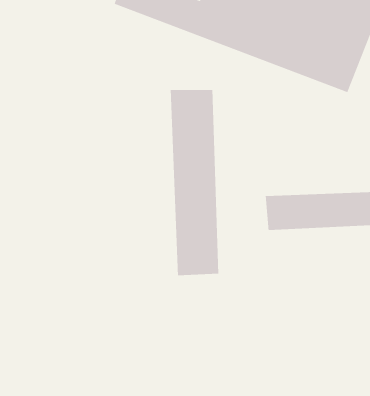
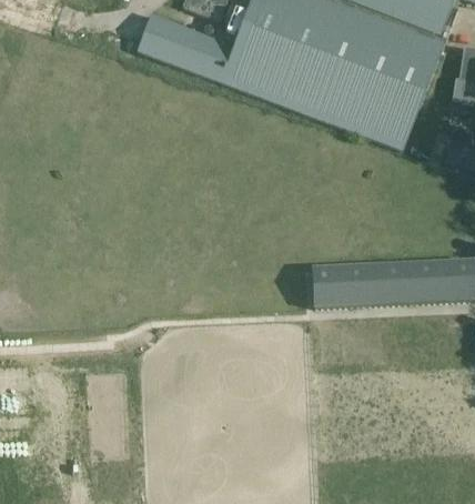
building: [170,89,219,276] -> none

